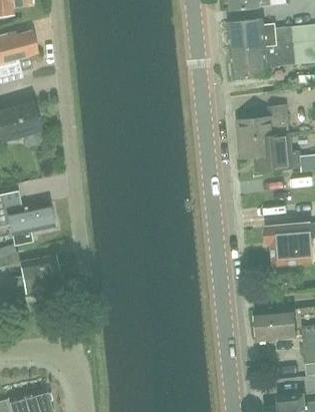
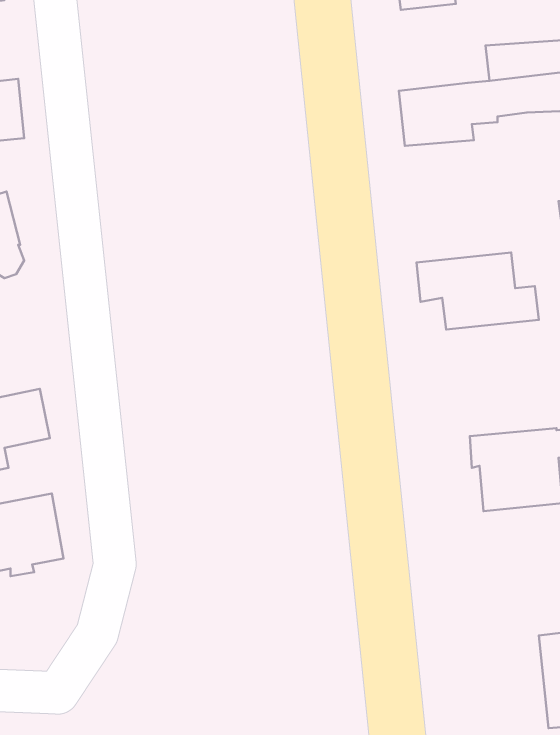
building: [229,18,278,50] -> none
building: [239,104,289,137] -> none
building: [256,307,297,341] -> none

